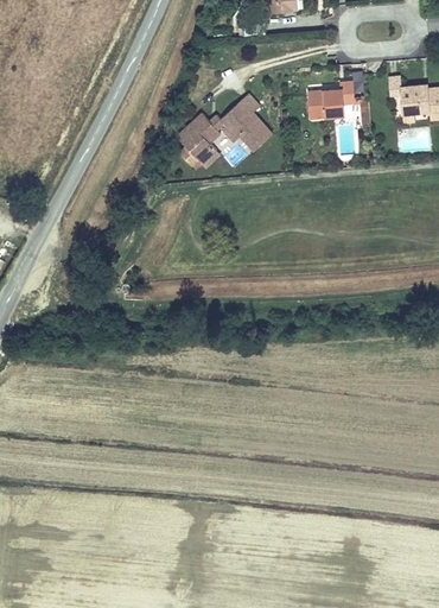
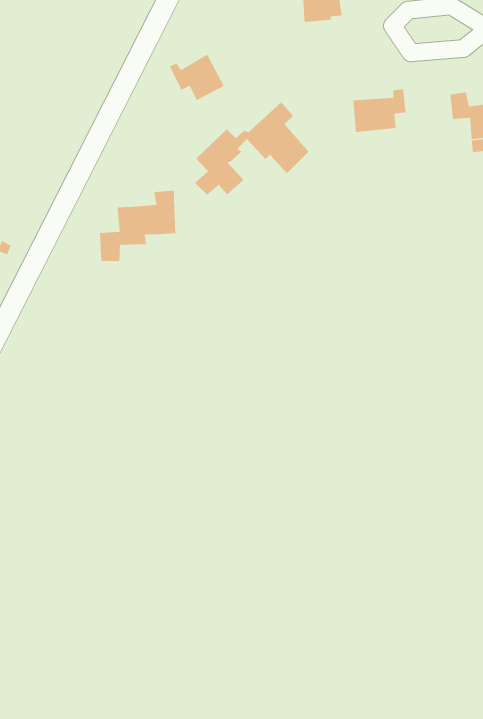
building: none -> [169,53,225,101]
building: none -> [99,190,176,262]

